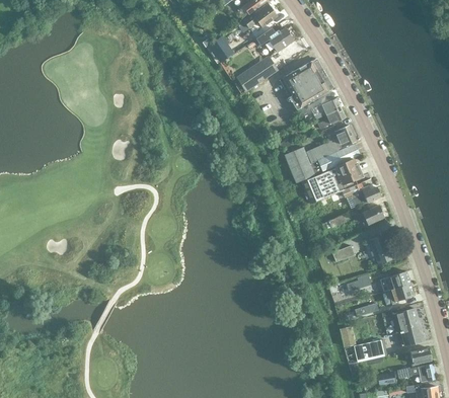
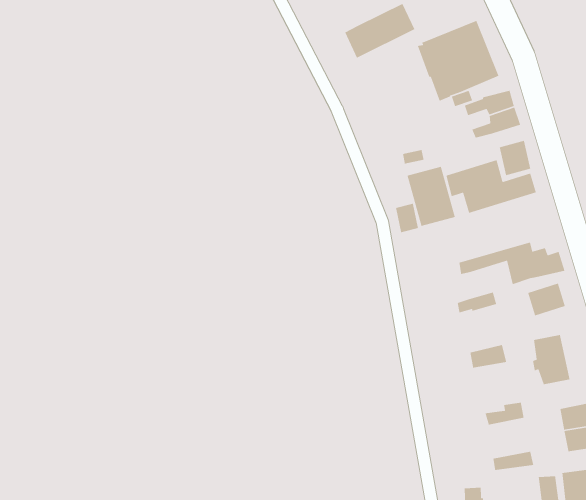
building: [301,158,361,204] -> none

